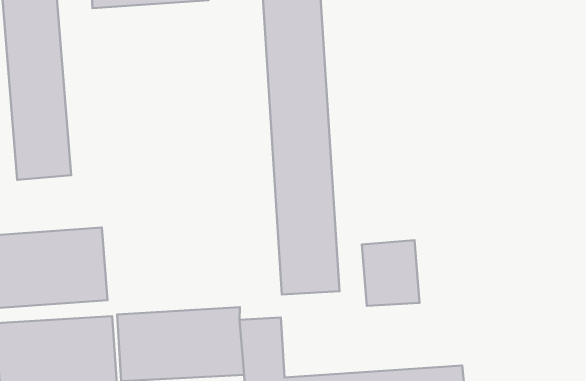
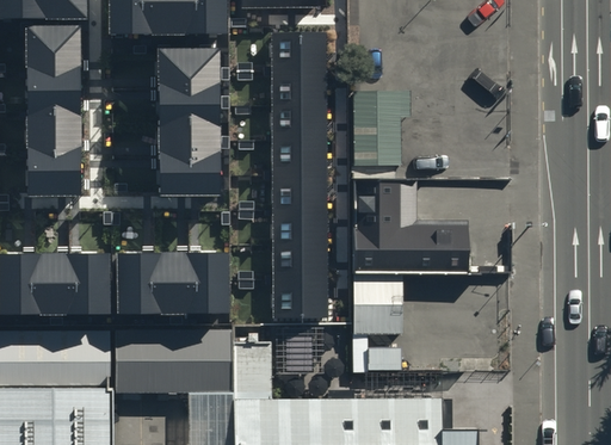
building: none -> [154,55,217,196]
building: none -> [353,94,469,274]
building: none -> [113,246,223,317]

